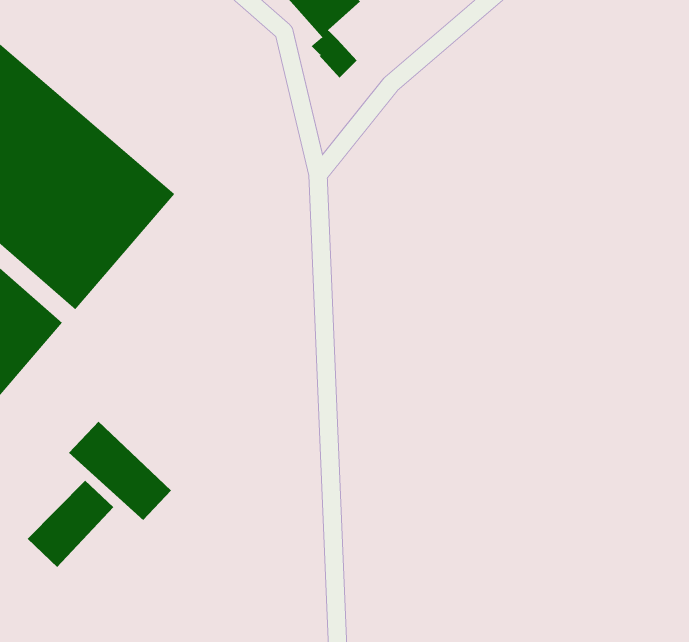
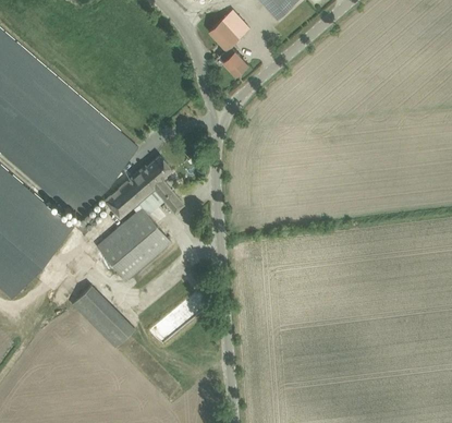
building: none -> [96,155,183,279]
building: [27,480,114,568] -> none

